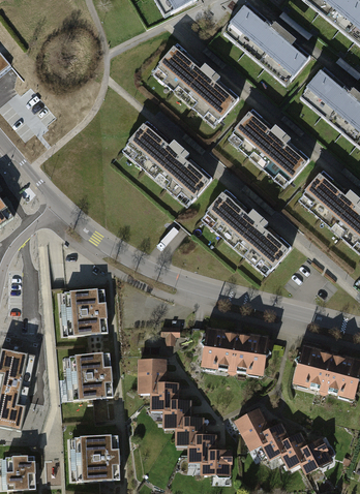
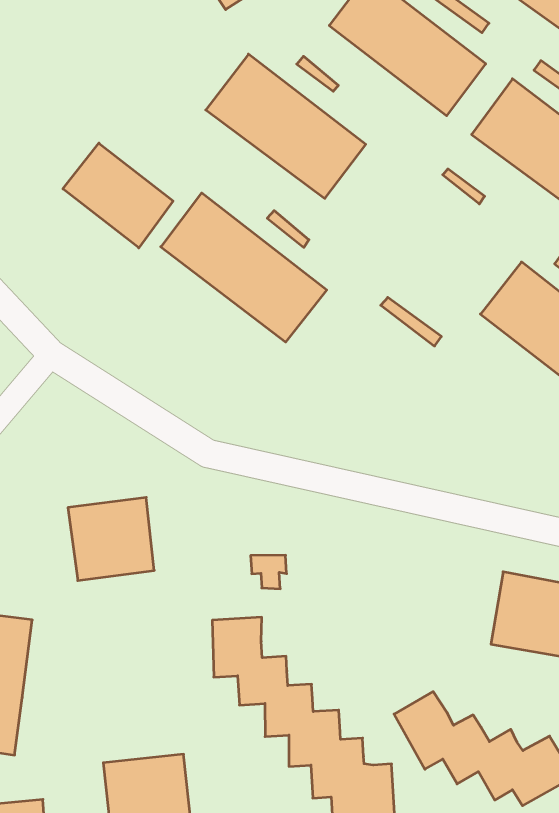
building: none -> [63,143,173,248]
building: [227,109,309,188] -> none
building: [202,191,291,275] -> none
building: [200,328,268,373] -> none
building: [65,352,111,397] -> none

